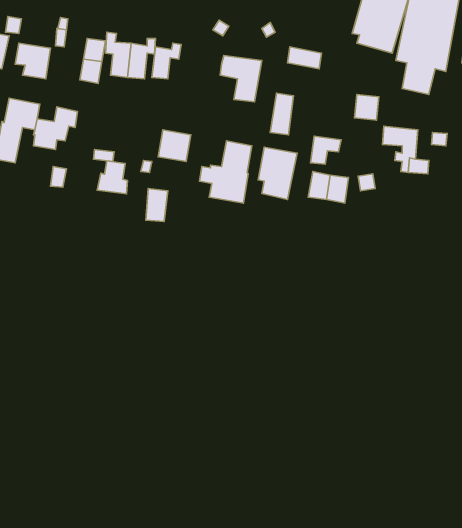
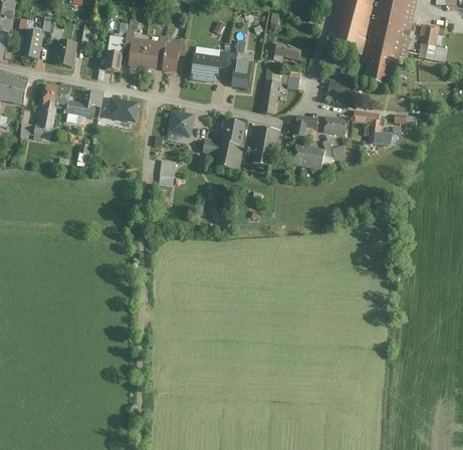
building: none -> [190,51,220,81]
building: none -> [323,117,349,135]
building: [97,161,128,194] -> [112,98,138,126]

